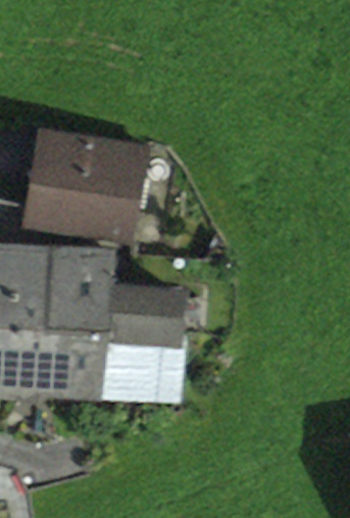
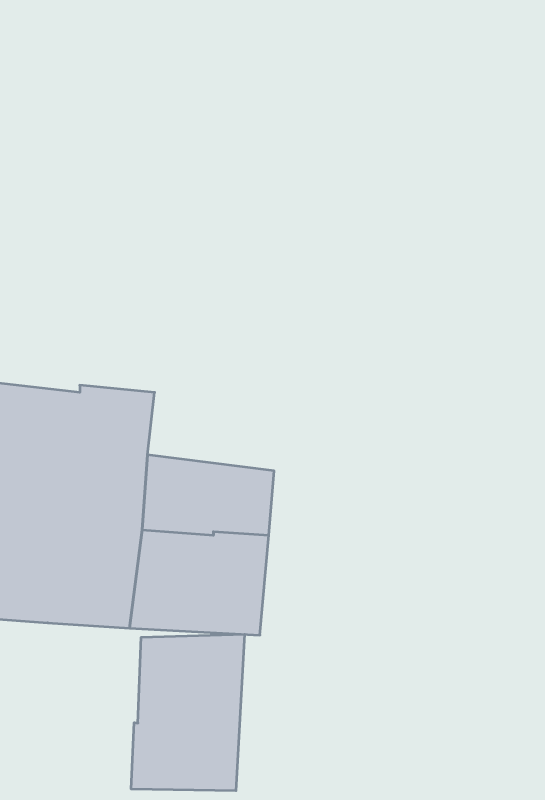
building: [33,134,147,238] -> none
building: none -> [131,634,245,791]

